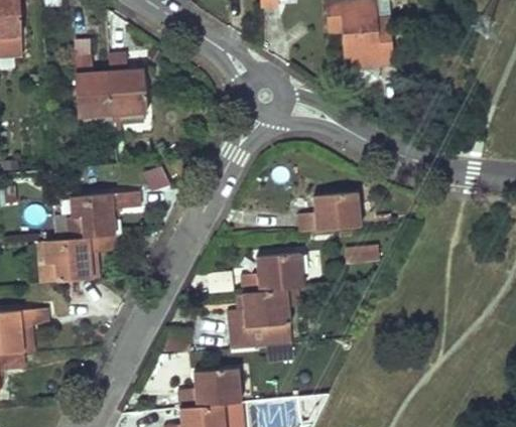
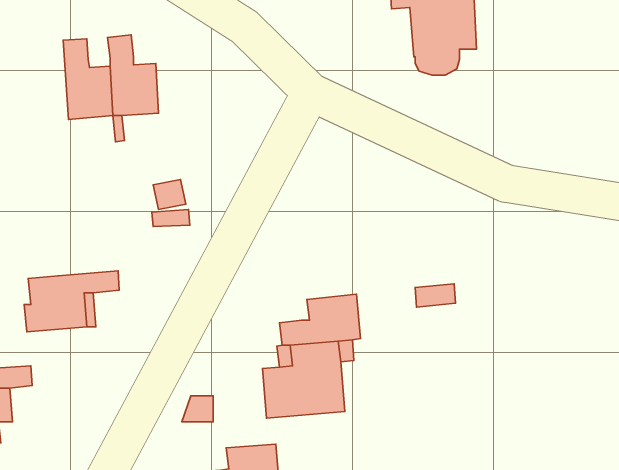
building: [67,190,140,239] -> none
building: [298,192,361,232] -> none

